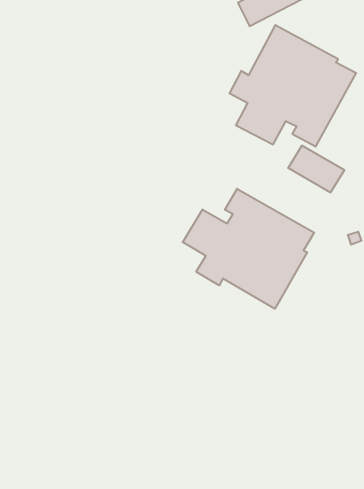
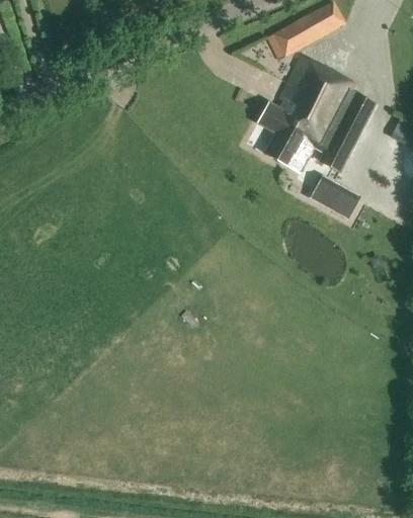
building: [183,189,314,309] -> none

